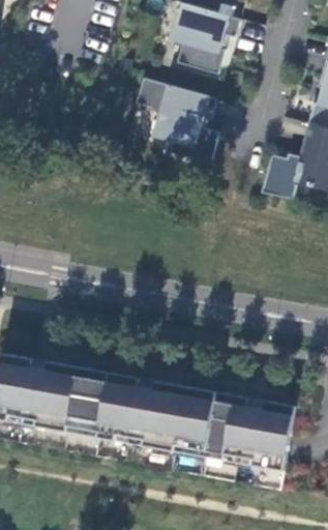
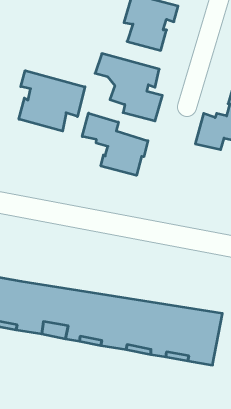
building: none -> [19,71,85,131]
building: none -> [82,113,148,175]

